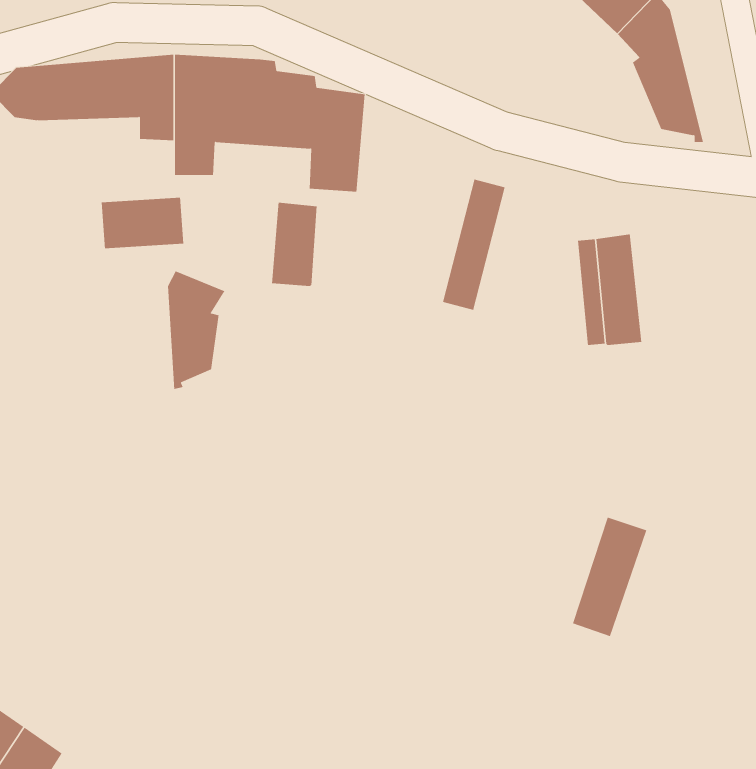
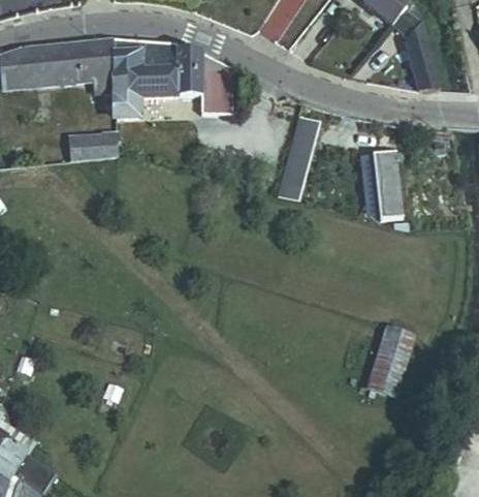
building: [271,202,317,287] -> none
building: [167,271,225,390] -> none

